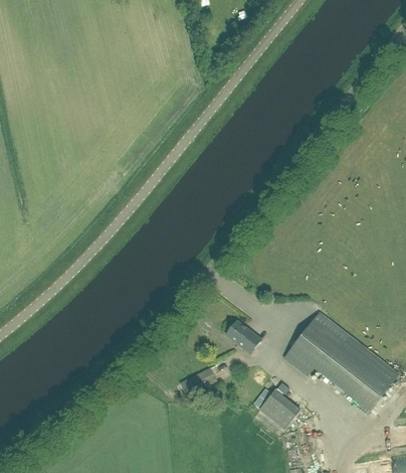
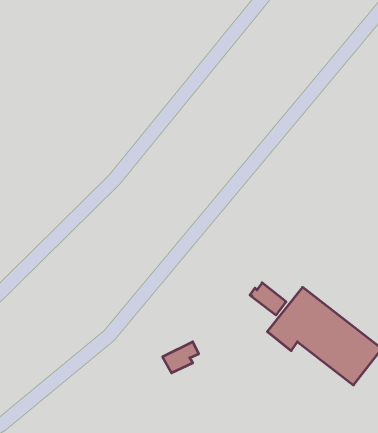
building: [224,320,260,352] -> [250,283,286,315]
building: [259,388,301,429] -> none

